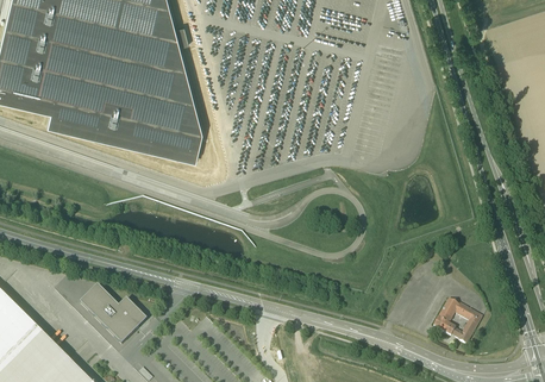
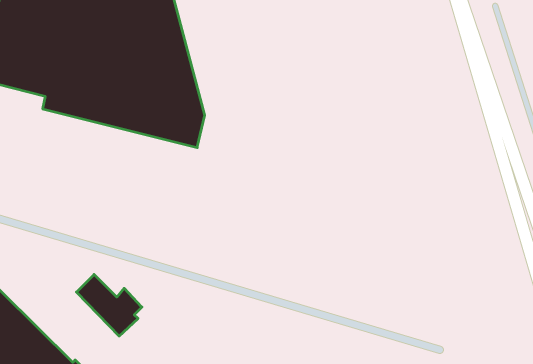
building: [433,299,482,344] -> none

